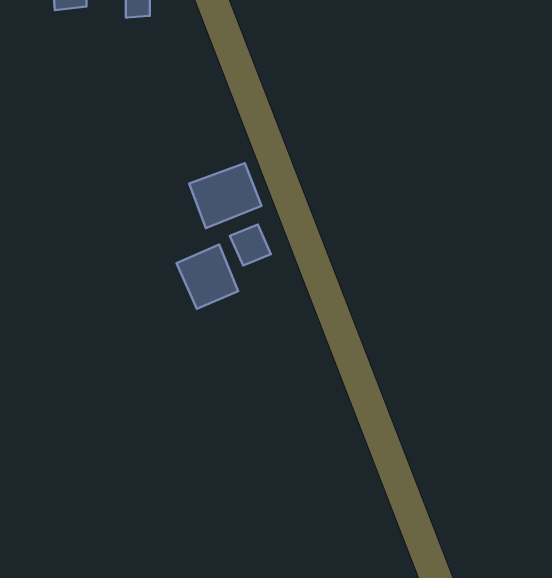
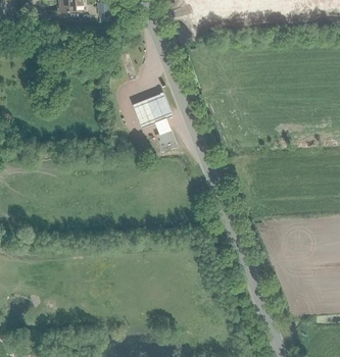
building: [177,245,238,309] -> none

